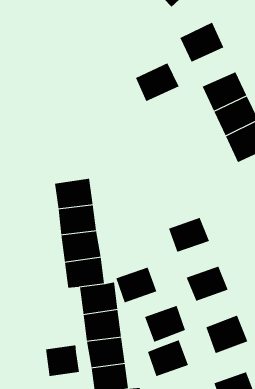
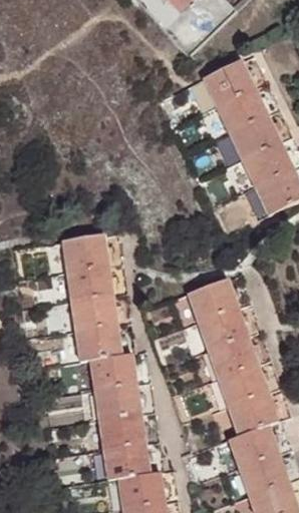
building: [135,63,179,102] -> [217,89,267,133]
building: [115,267,157,303] -> [201,308,248,349]
building: [144,305,186,343] -> [222,363,269,405]
building: [147,339,189,377] -> [232,426,279,468]
building: [46,344,80,377] -> none

